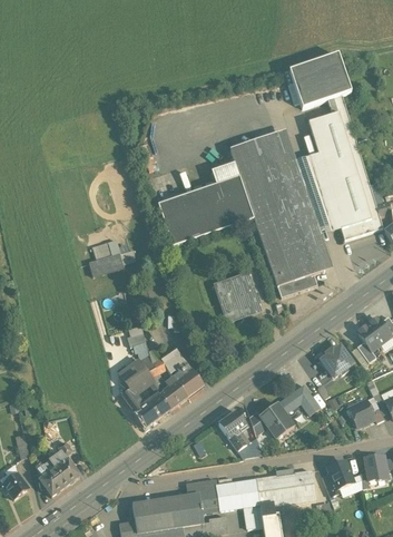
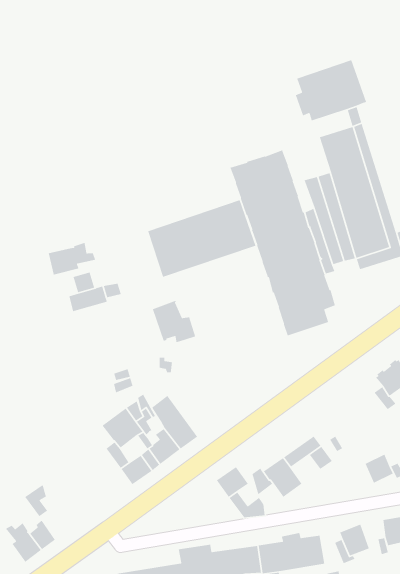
building: none -> [48,242,96,276]
building: [217,275,256,313] -> [152,300,196,343]
building: [321,345,352,375] -> none

